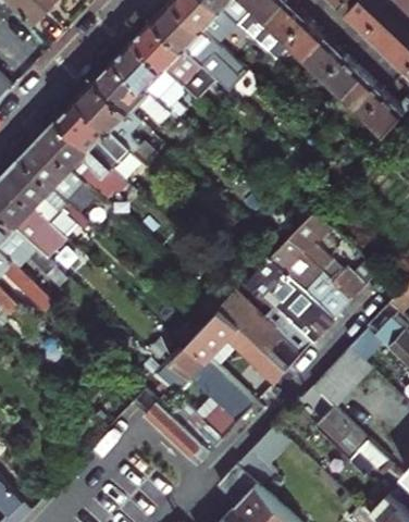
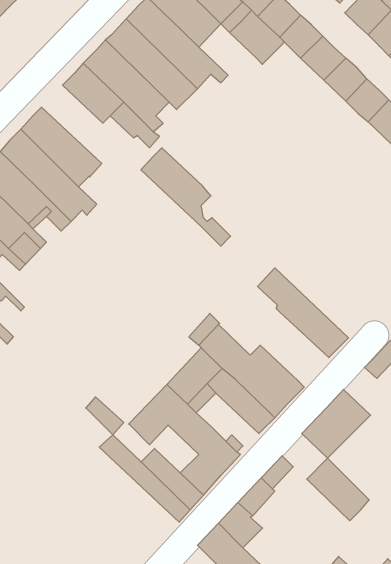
building: [77,78,157,165] -> [141,148,231,246]
building: [284,212,376,302] -> none
building: [241,256,332,346] -> none

